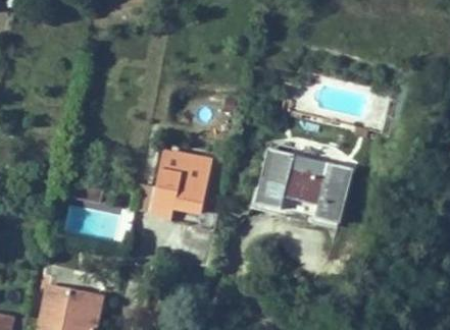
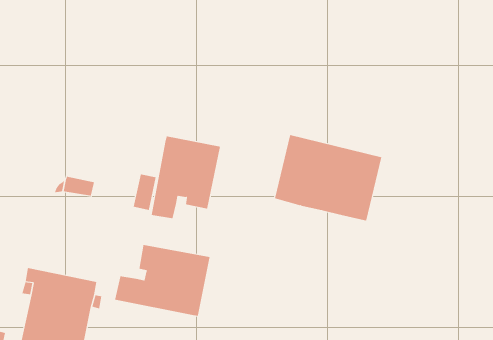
building: none -> [114,244,210,317]

